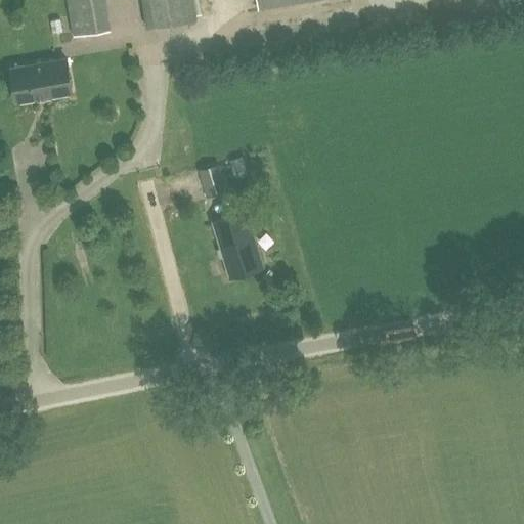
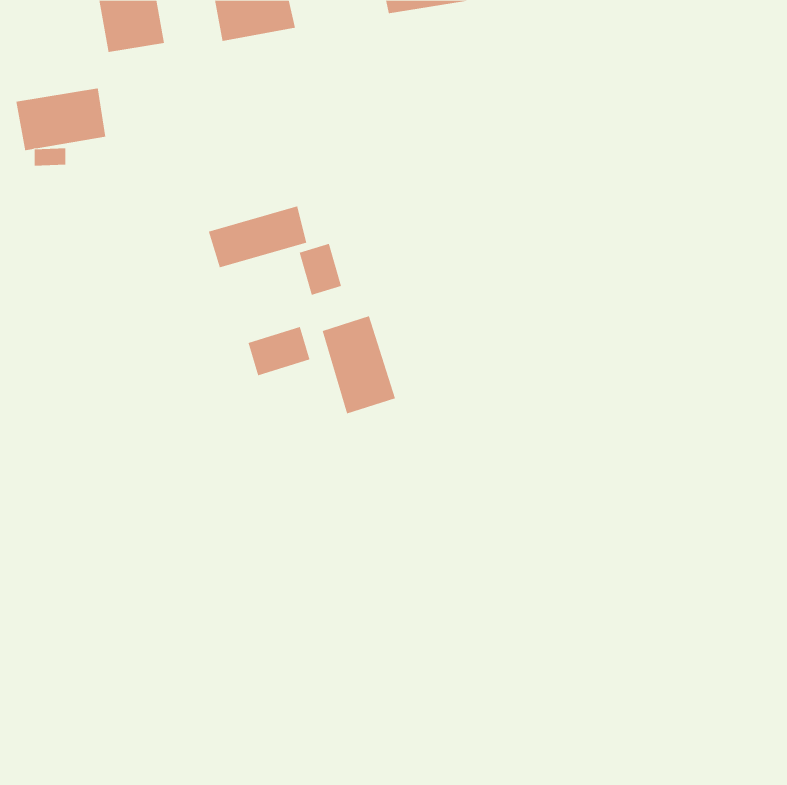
building: none -> [208,206,307,268]
building: none -> [248,326,310,376]

